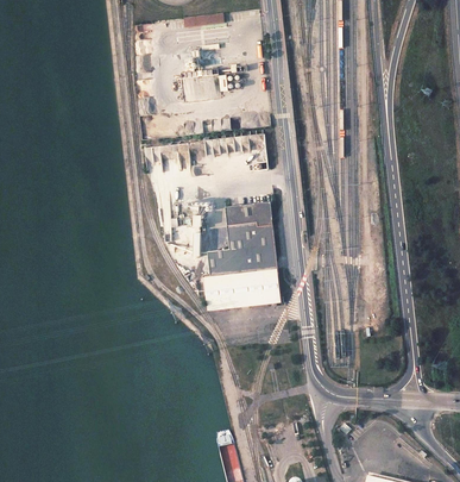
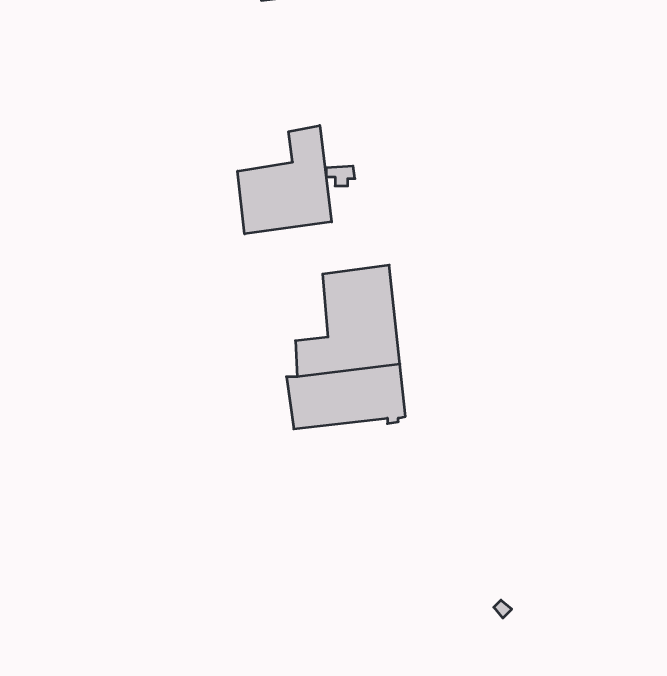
building: none -> [238,125,332,234]

